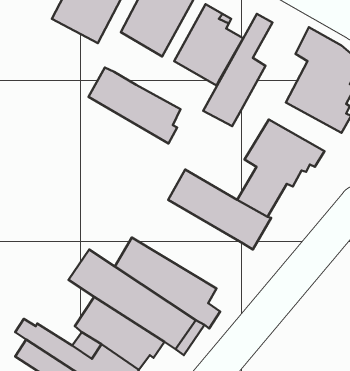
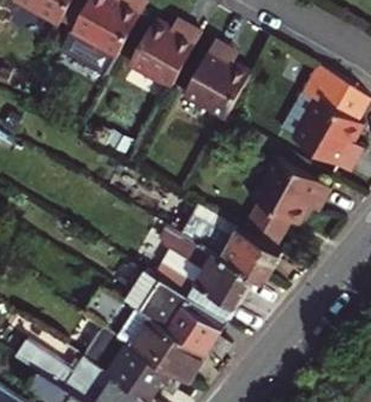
building: [203,14,272,126] -> none
building: [88,68,180,144] -> none
building: none -> [158,227,251,319]

